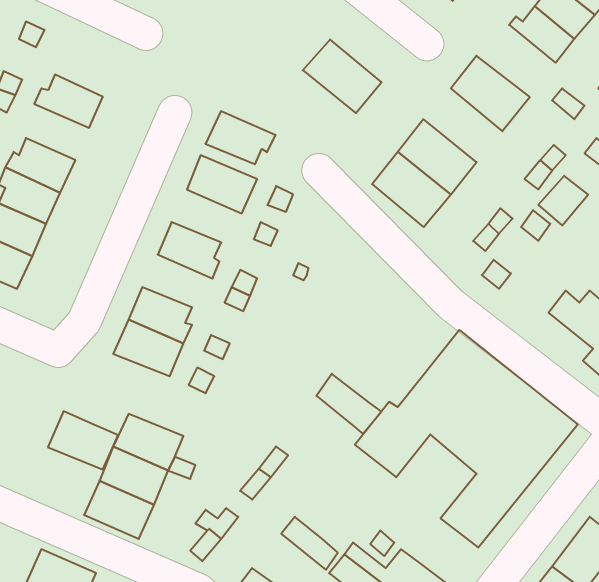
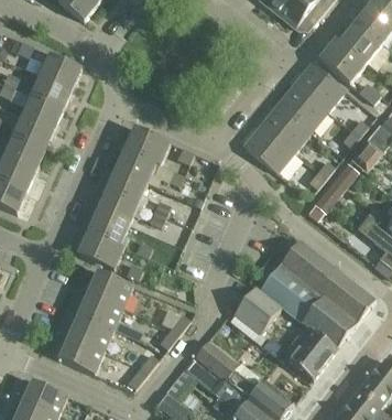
building: none -> [318,43,361,83]
building: none -> [40,52,80,89]
building: [303,39,382,113] -> [276,84,327,131]
building: none -> [21,94,62,130]
building: [205,111,276,164] -> [115,149,160,183]
building: none -> [96,191,141,225]
building: [316,374,382,434] -> [195,342,237,380]
building: [48,411,118,469] -> [87,270,132,308]

